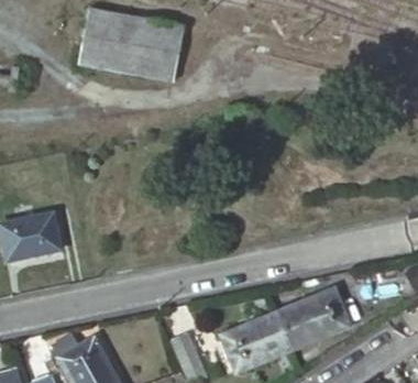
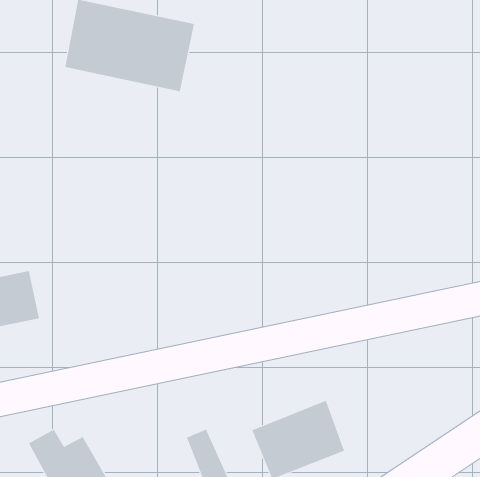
building: [279,289,350,350] -> none

